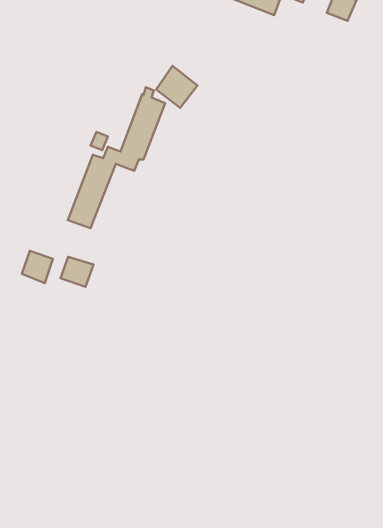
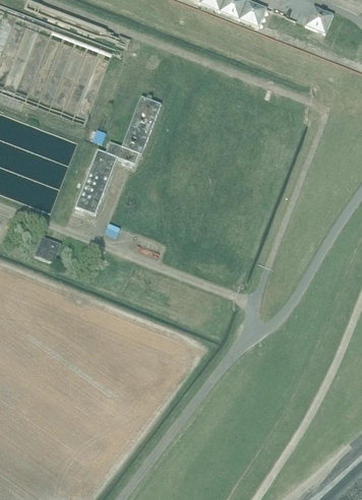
building: [156,66,197,108] -> none
building: [61,257,94,287] -> none

